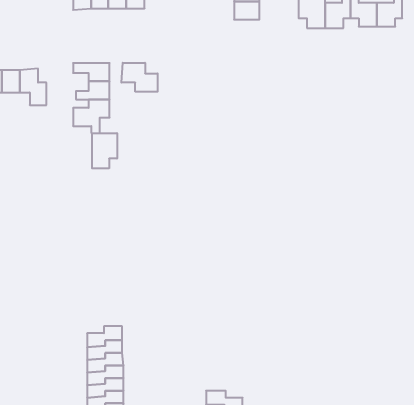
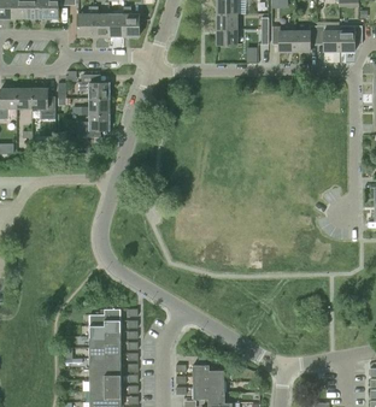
building: [121,63,158,92] -> none
building: [92,133,117,168] -> none

